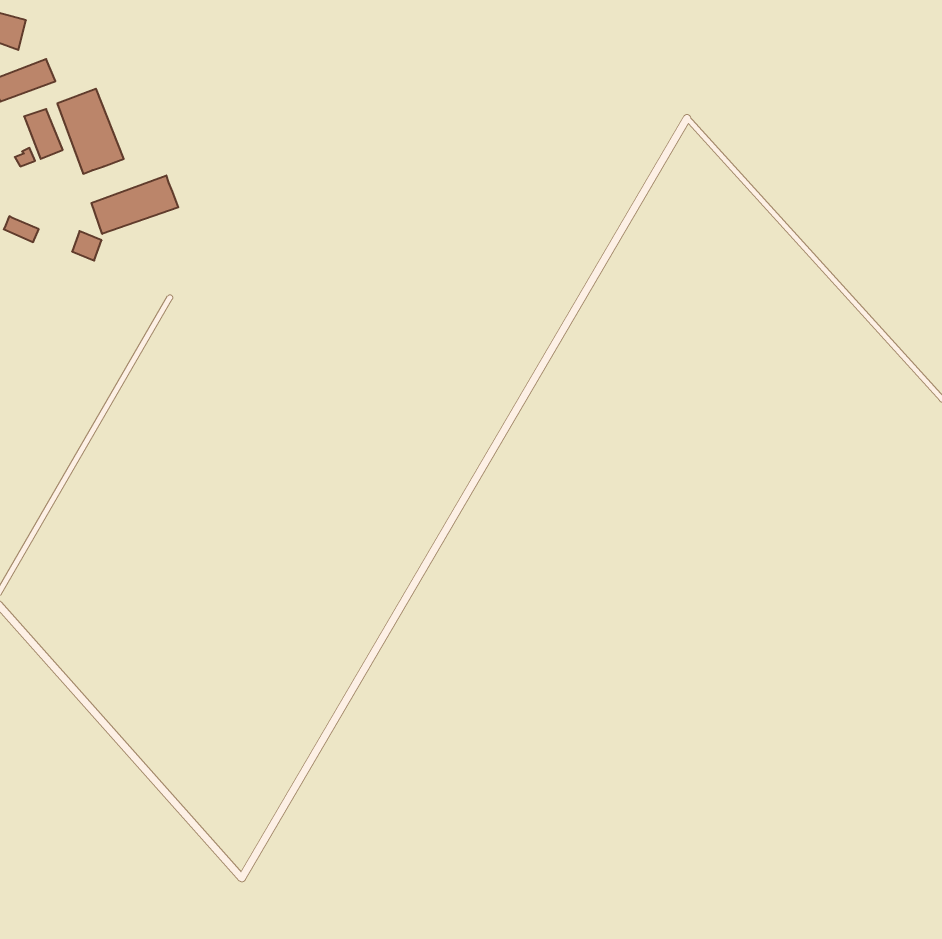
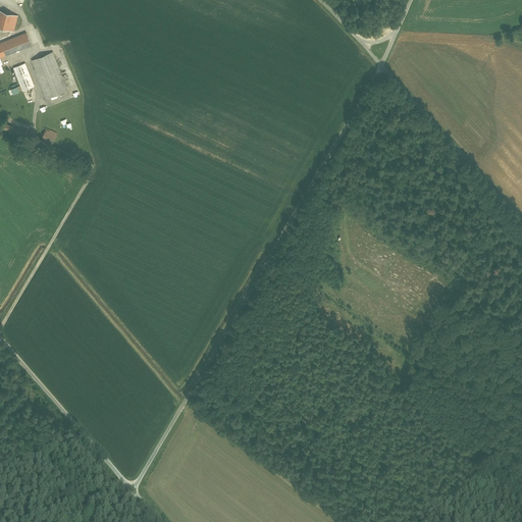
building: [91,175,178,234] -> none

